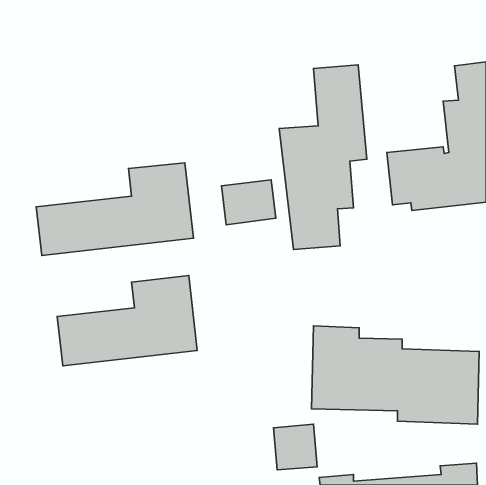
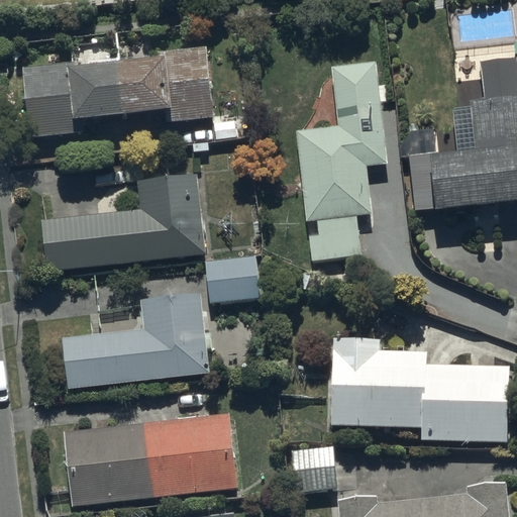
building: none -> [22,44,212,134]
building: [221,180,276,225] -> [204,254,262,302]
building: none -> [62,412,235,505]

